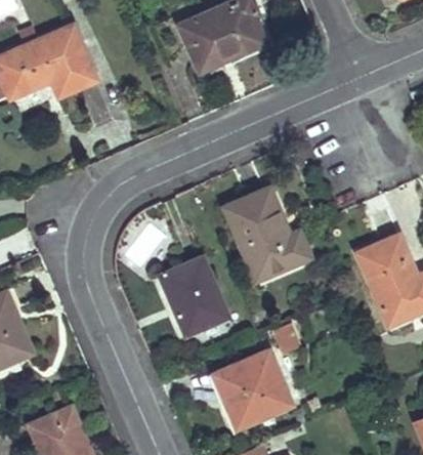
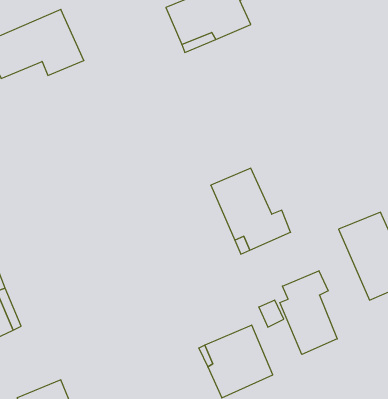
building: [162,258,228,334] -> none
building: none -> [280,271,337,354]

